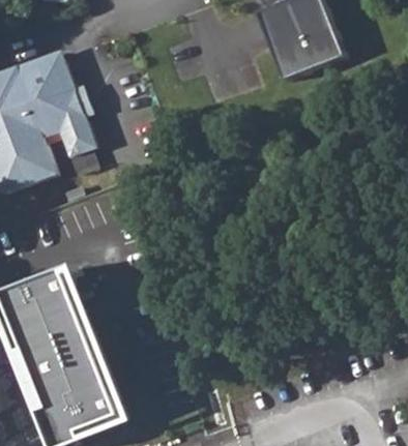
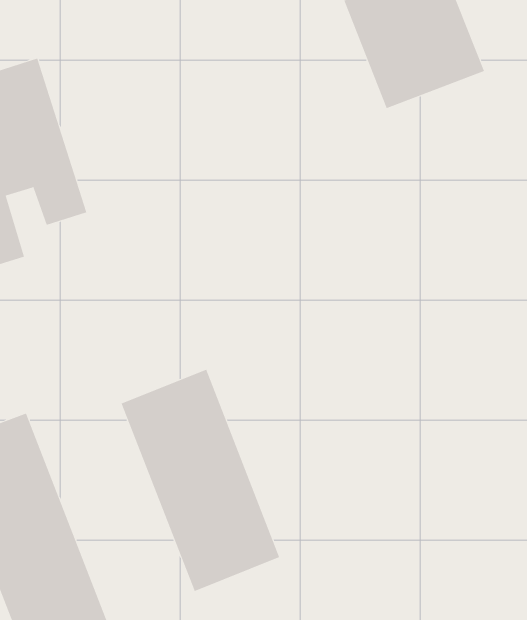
building: none -> [121,369,280,592]

